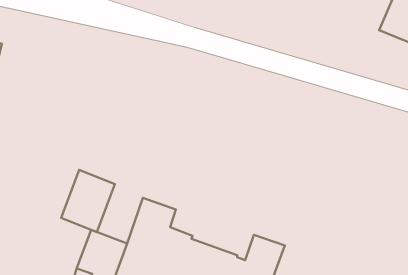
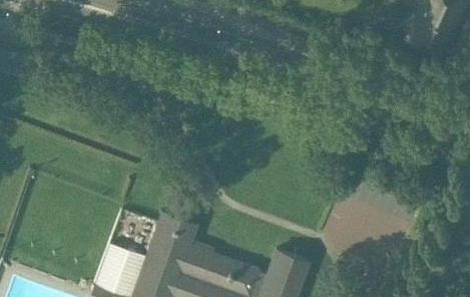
building: [61,170,115,232] -> none

